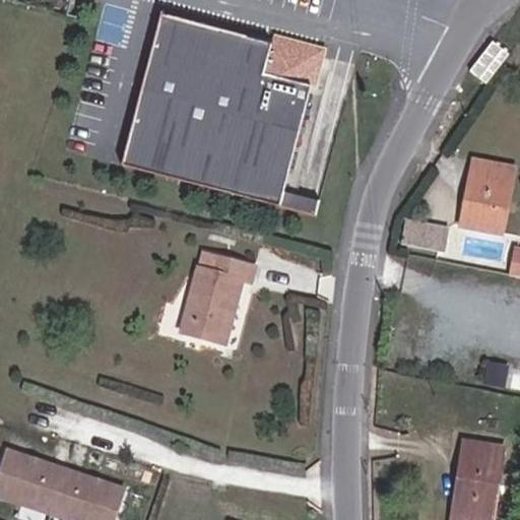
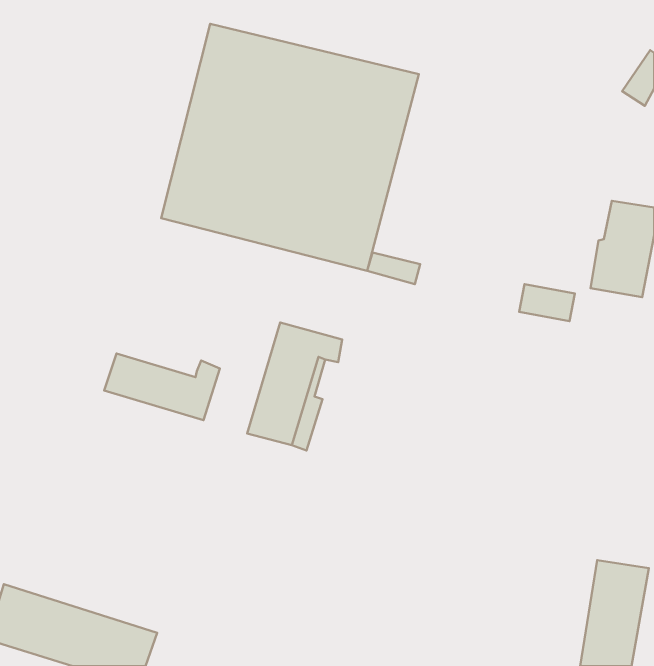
building: none -> [104,354,220,420]

